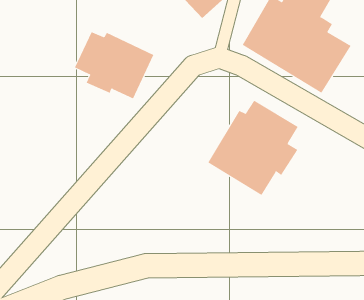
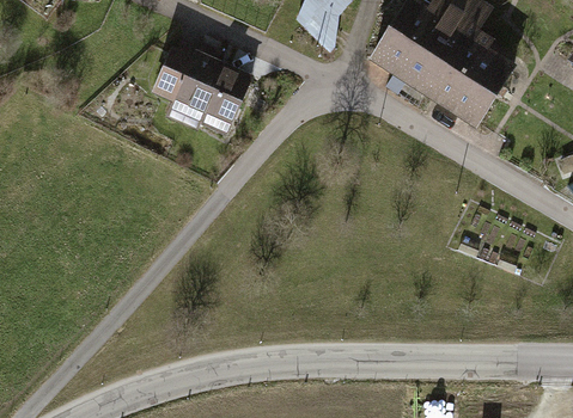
building: [207,100,299,196] -> none

